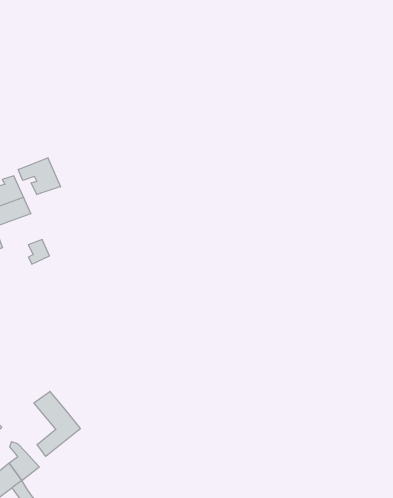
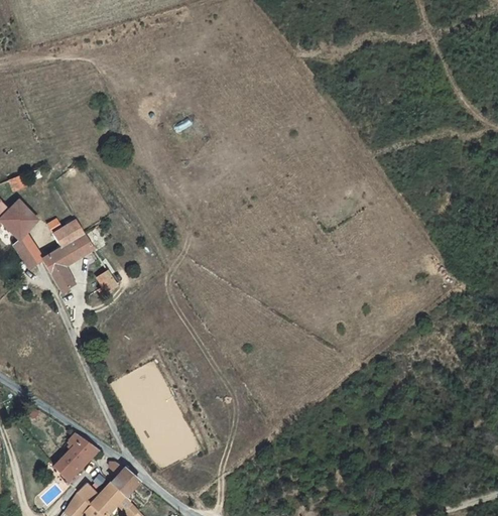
building: [18,158,60,195] -> none
building: [34,391,80,456] -> none

